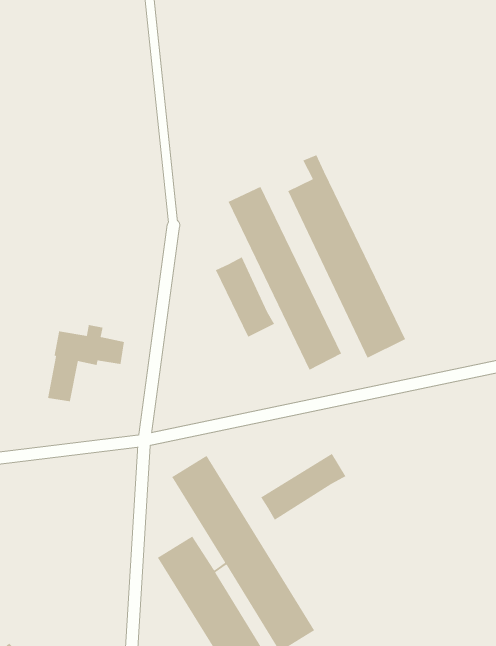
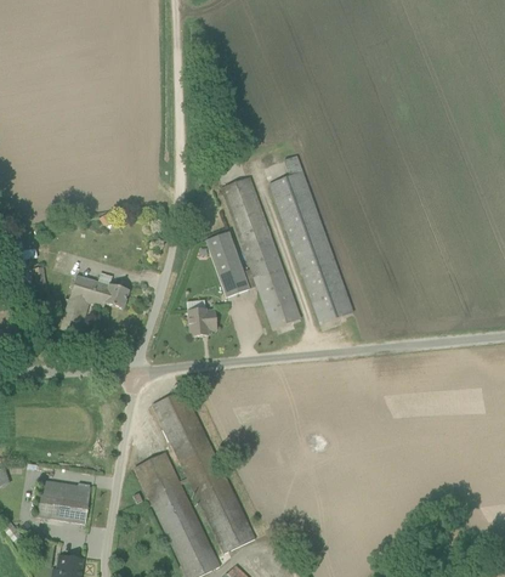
building: none -> [187,310,216,336]
building: [260,453,347,521] -> none
building: none -> [36,486,90,525]

